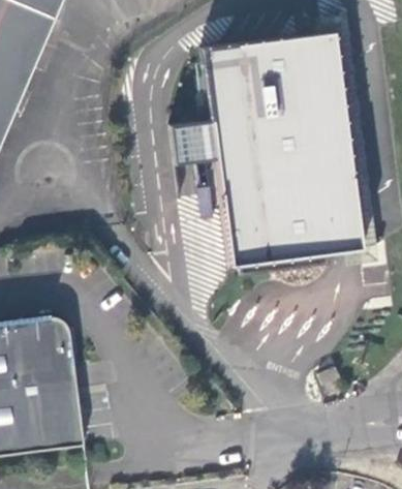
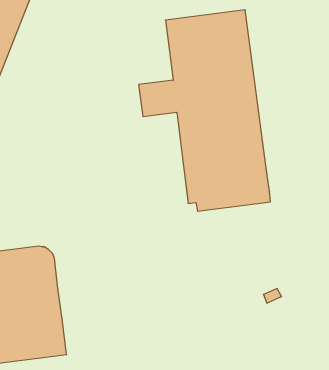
building: [300,28,365,249] -> none

